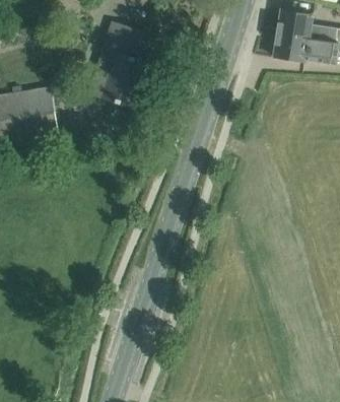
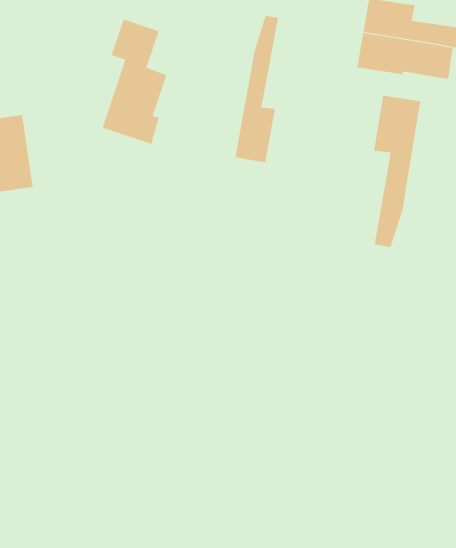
building: none -> [235,15,279,163]
building: none -> [373,95,421,247]

